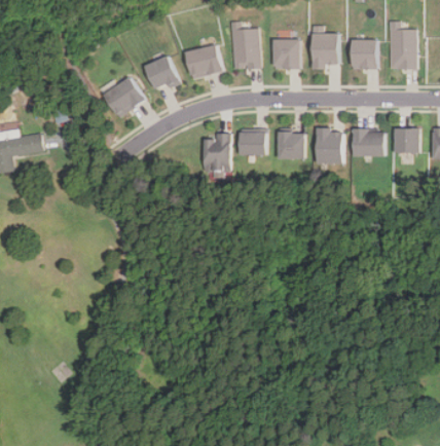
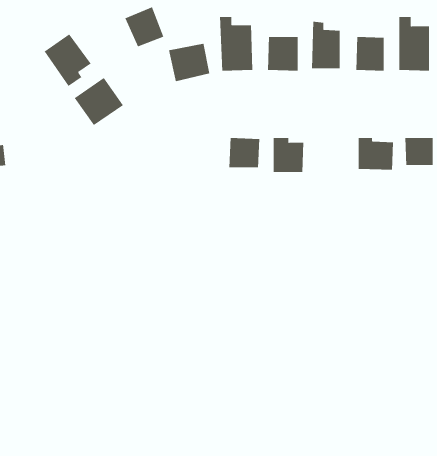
building: none -> [44,34,92,87]
building: [144,55,179,91] -> [125,6,164,47]
building: [317,127,342,164] -> none
building: [201,134,230,171] -> none

